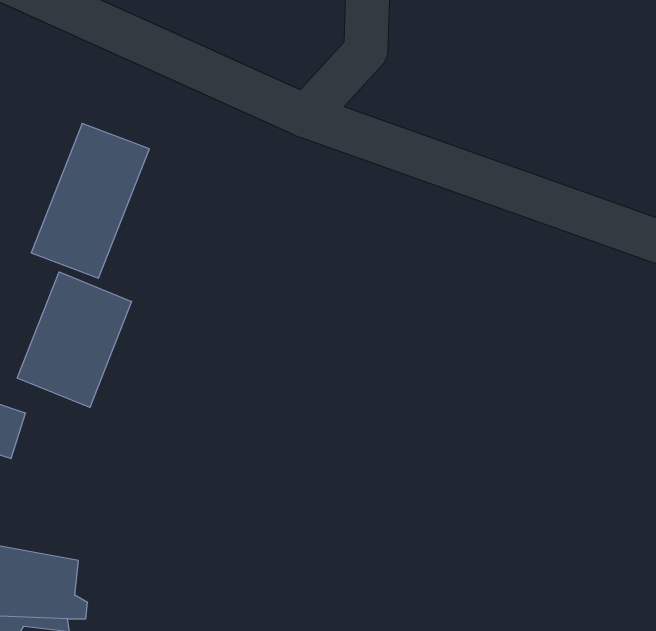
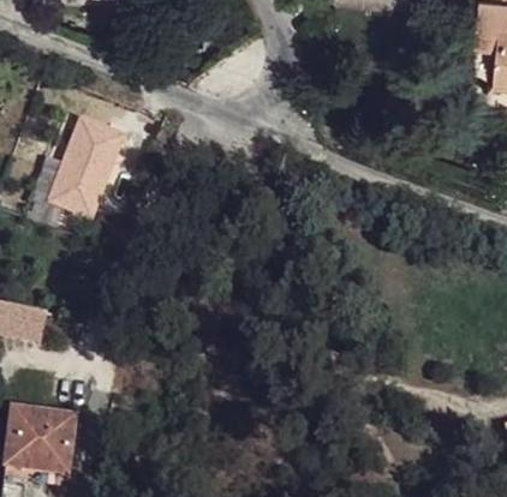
building: [17,272,132,408] -> none

